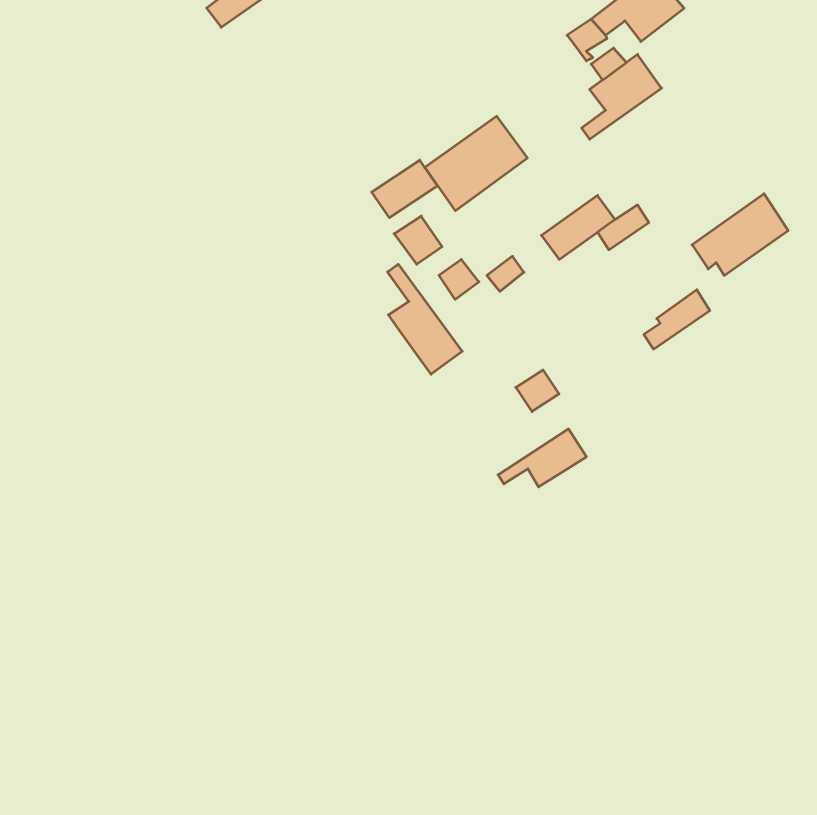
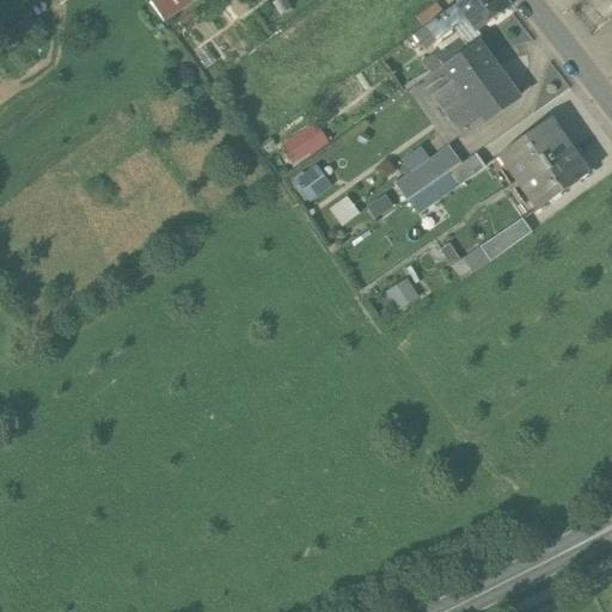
building: [425,116,527,211] -> [441,66,518,136]
building: none -> [503,117,571,183]
building: [388,264,462,374] -> none
building: [498,429,586,487] -> none

